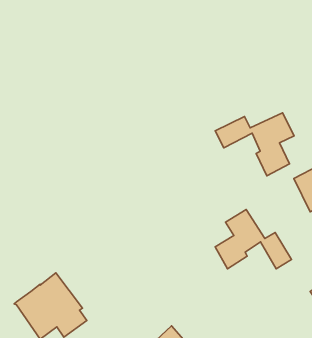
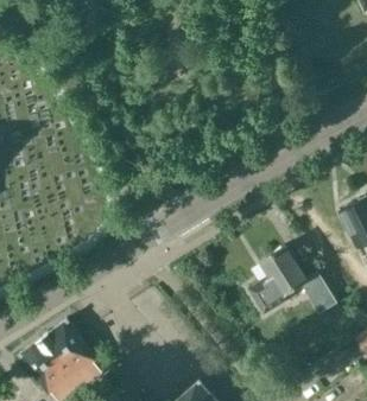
building: [215,113,294,176] -> none

